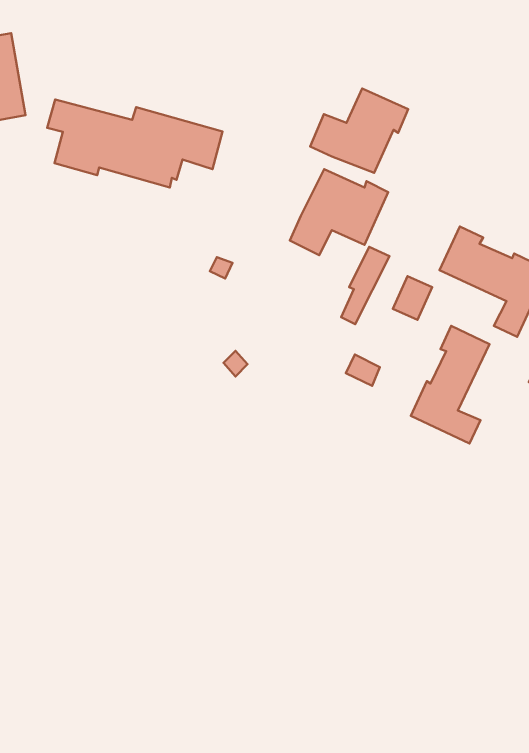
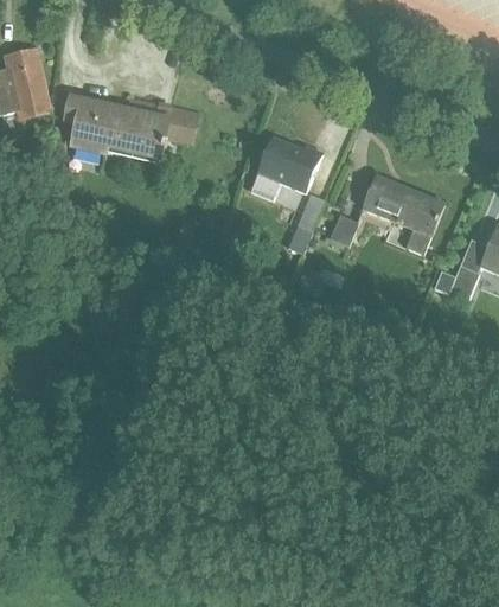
building: [310,88,408,173] -> none
building: [411,326,489,443] -> none

